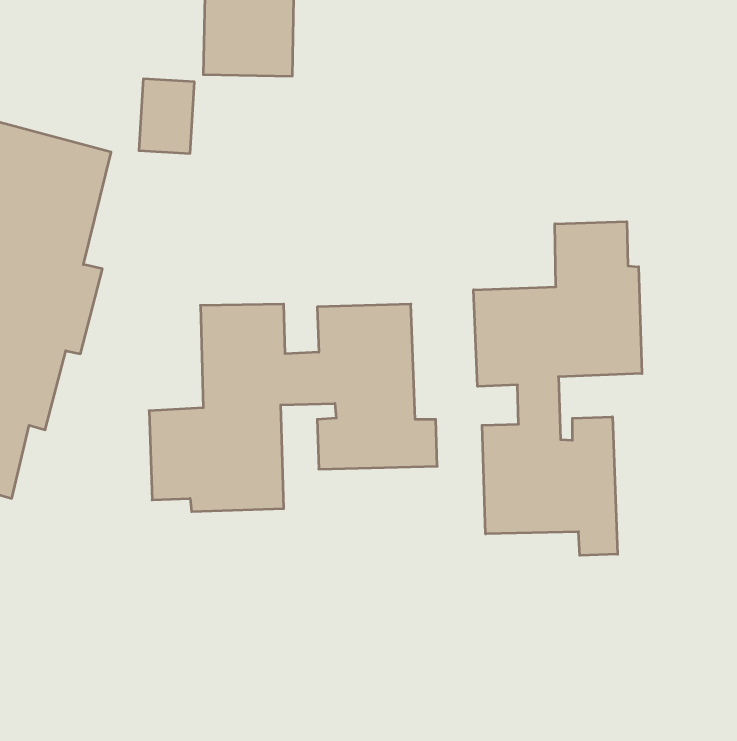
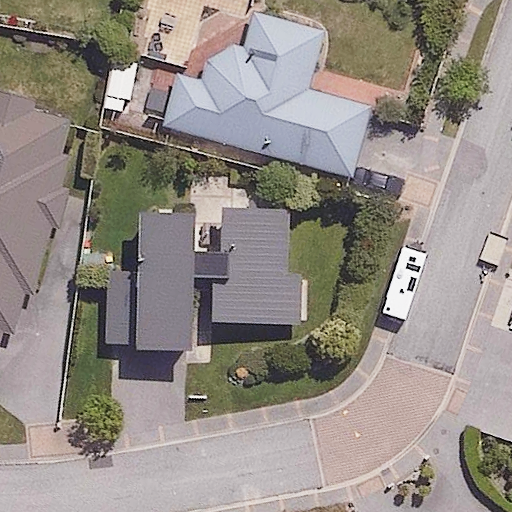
building: none -> [173,10,368,177]
building: [474,222,642,555] -> none

